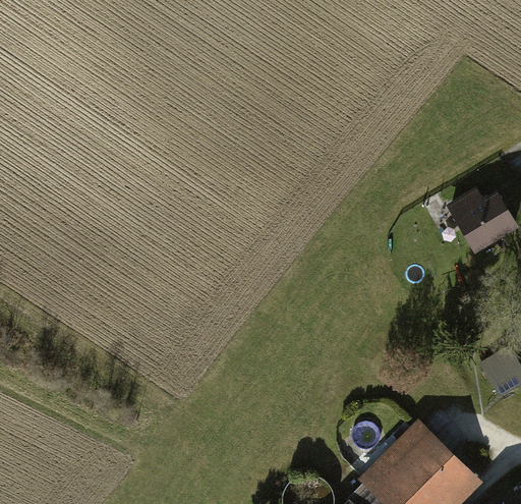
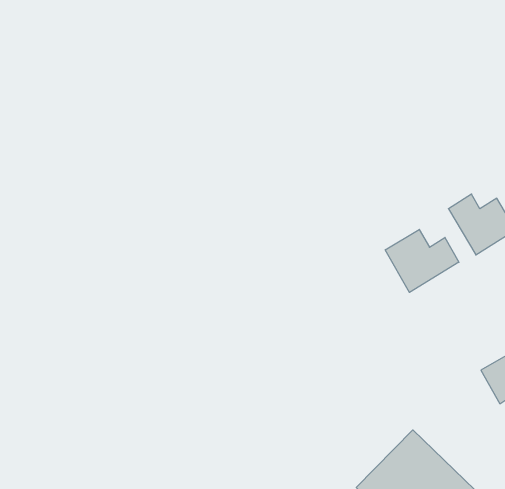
building: none -> [385,229,459,292]

